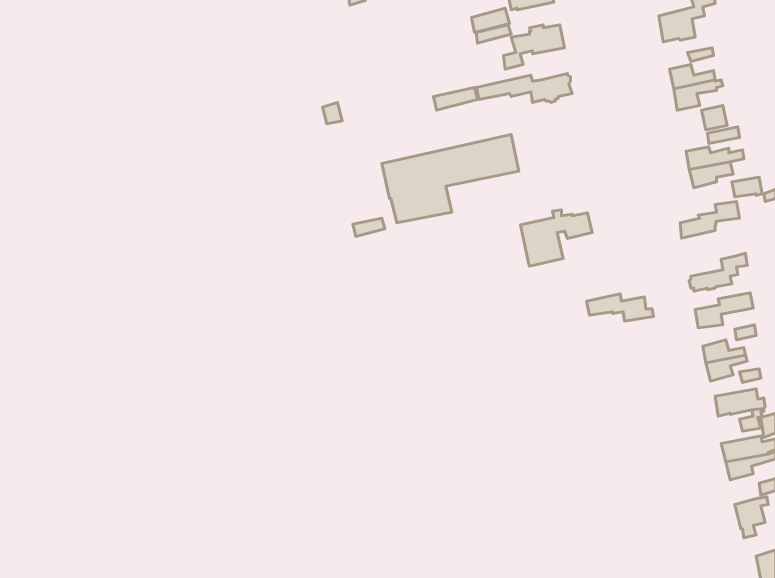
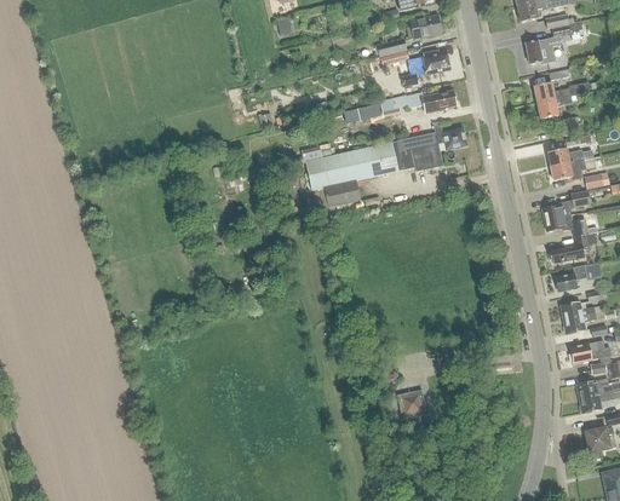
building: [520,210,592,266] -> [408,126,465,171]
building: [587,294,654,321] -> [544,214,597,236]
building: none -> [397,390,426,419]

